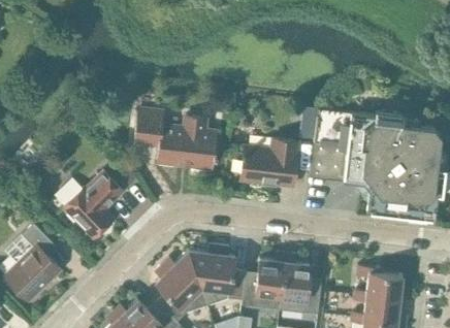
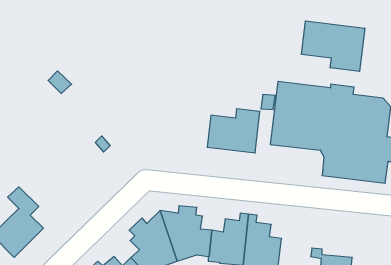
building: none -> [301,21,365,71]
building: [133,110,216,169] -> none
building: [63,171,123,238] -> none
building: [355,266,401,301] -> none

